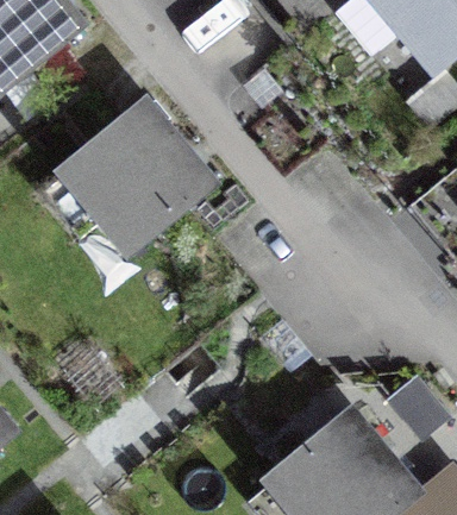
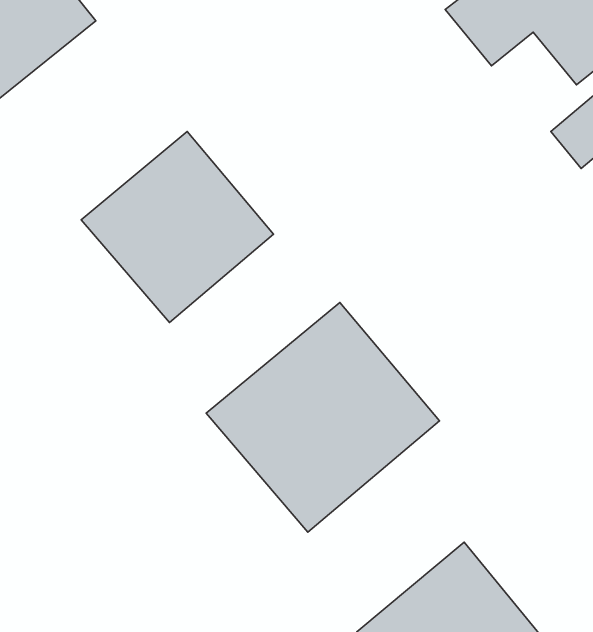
building: none -> [206,302,440,532]

